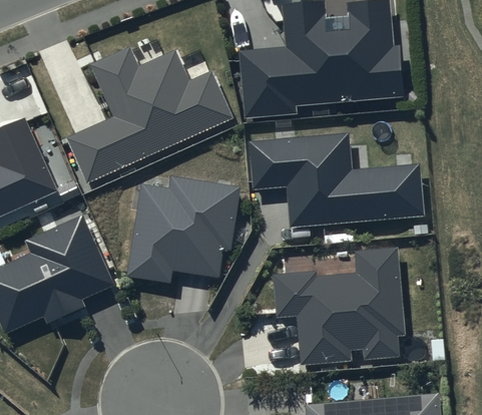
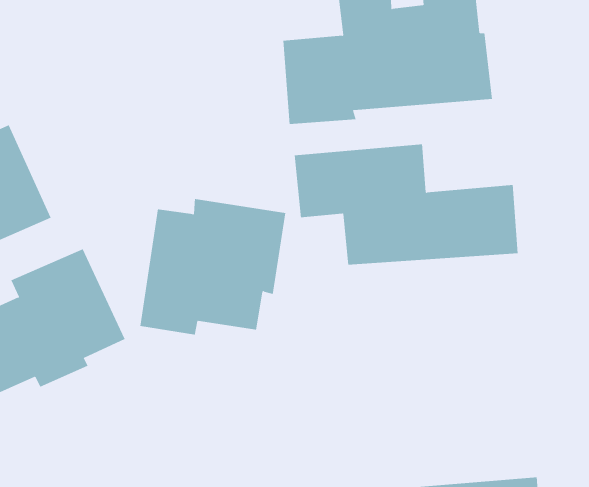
building: [65,45,232,183] -> none
building: [272,247,406,366] -> none

